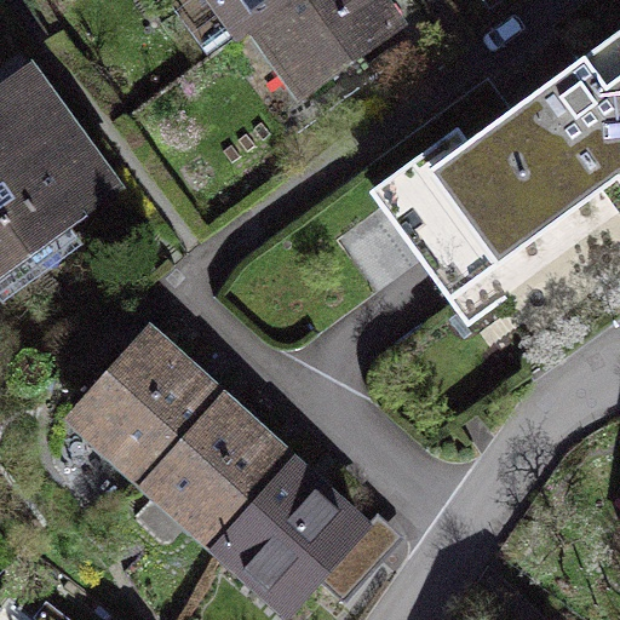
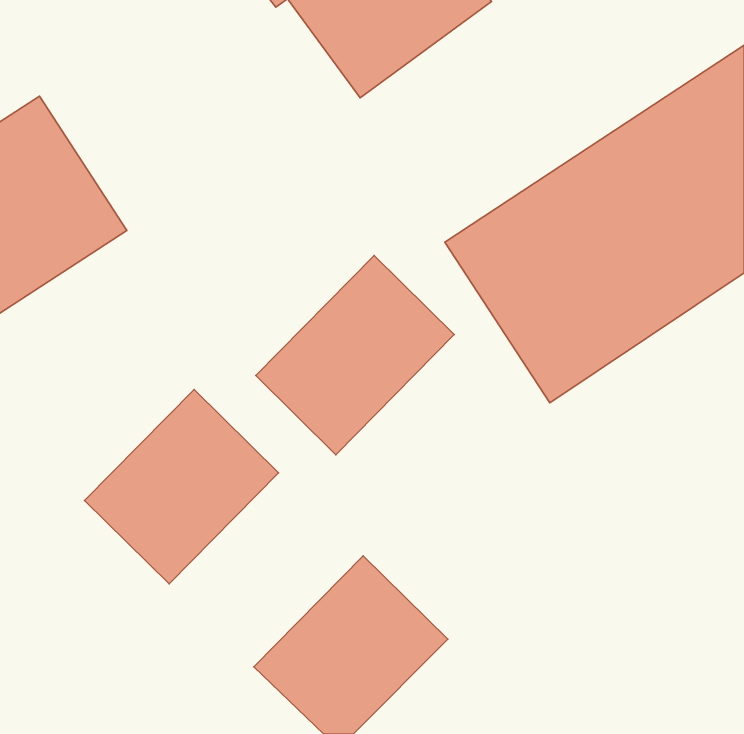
building: none -> [256,255,454,455]
building: [140,392,302,553] -> none

